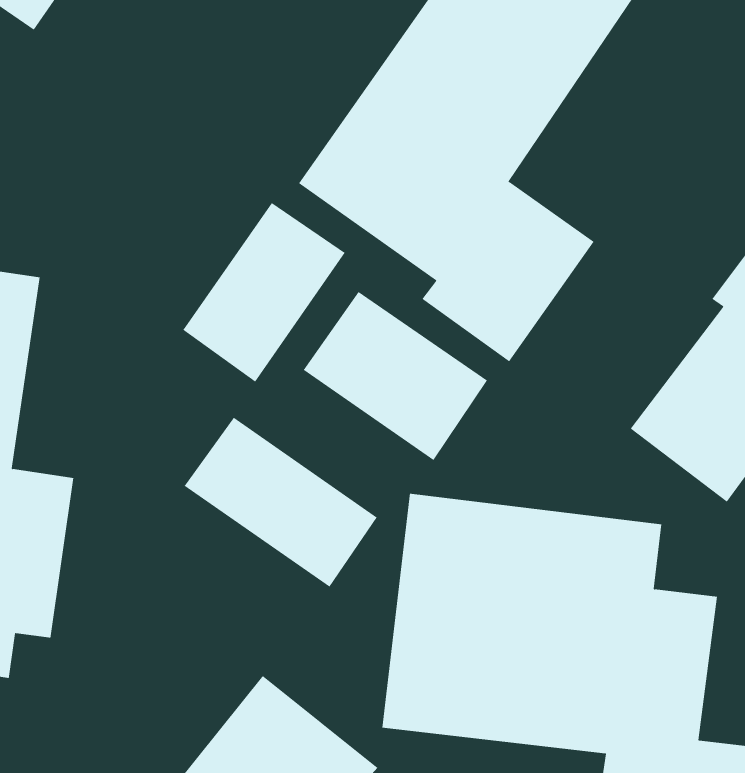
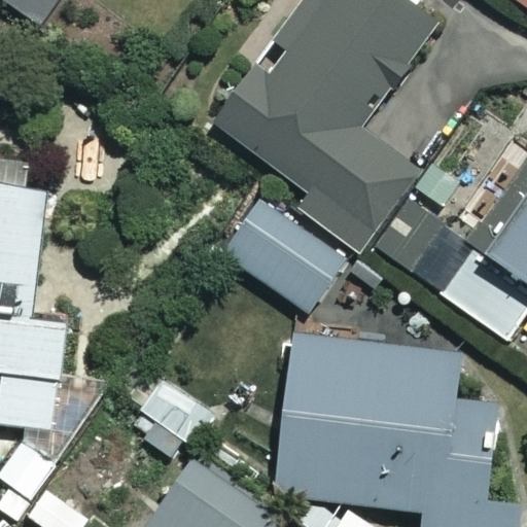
building: [183,202,345,382] -> none
building: [184,417,377,587] -> none

